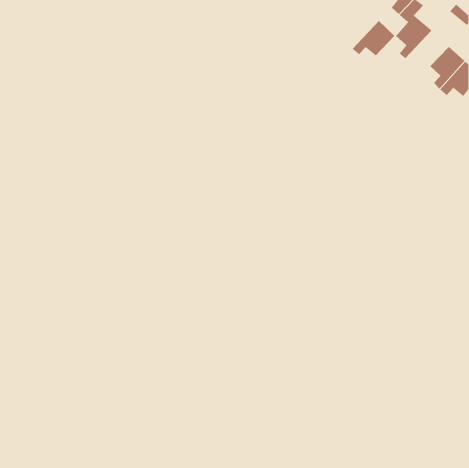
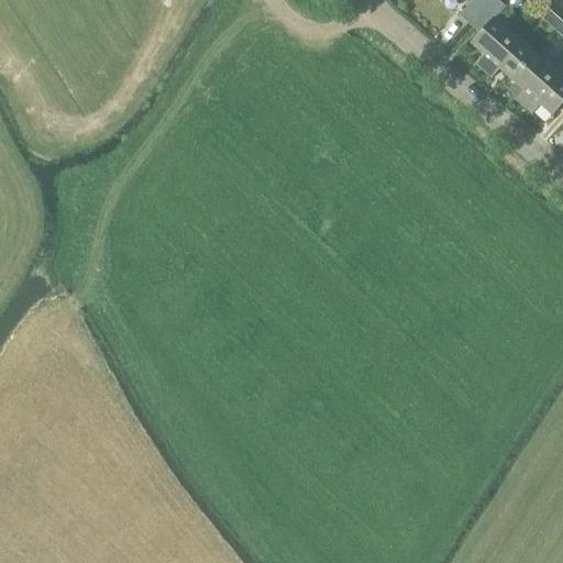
building: [352,20,395,56] -> [484,36,536,79]

